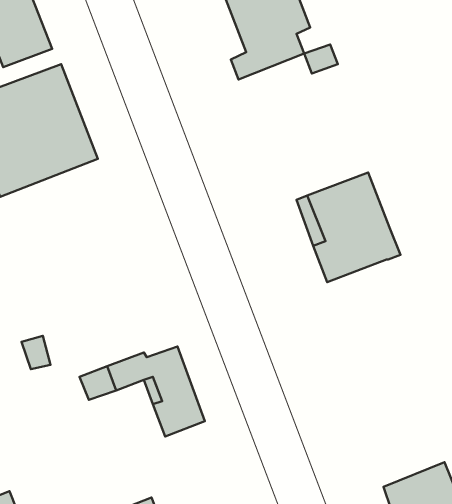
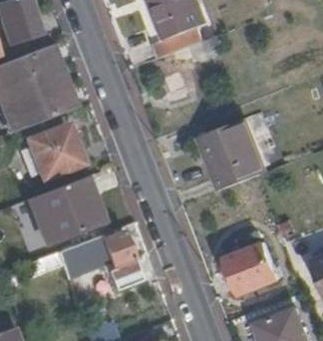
building: none -> [21,125,83,180]
building: none -> [28,179,100,245]
building: none -> [228,244,280,294]

